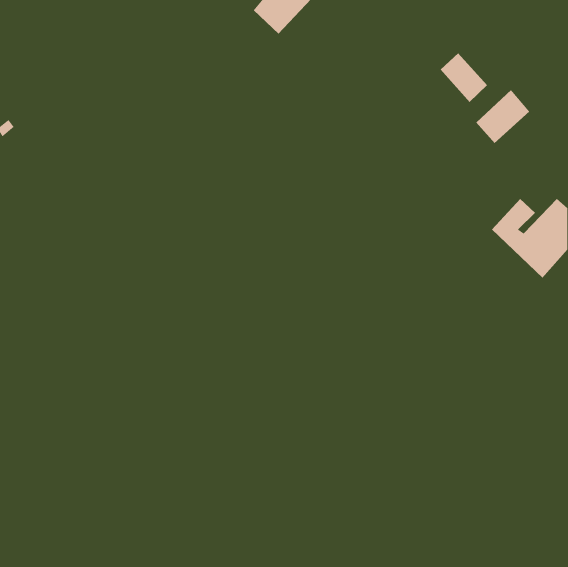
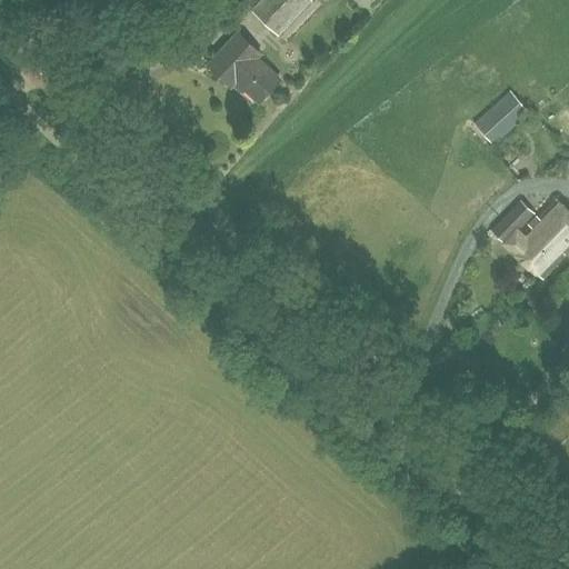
building: none -> [209,32,280,100]
building: [440,52,488,103] -> none

